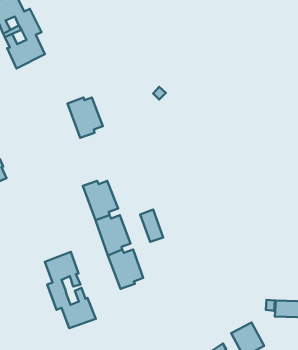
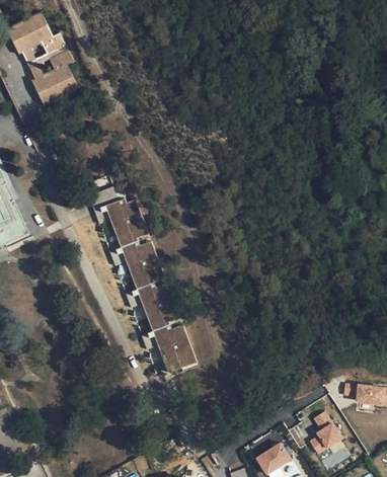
building: [68,98,103,138] -> [106,197,149,246]
building: [140,209,163,242] -> none
building: [45,252,96,328] -> none

